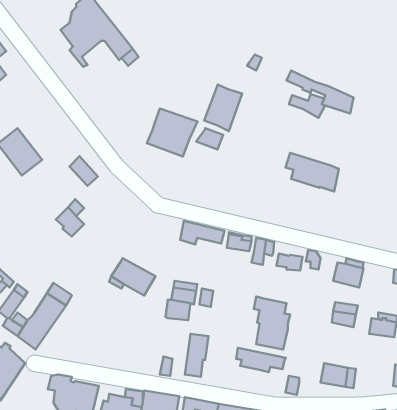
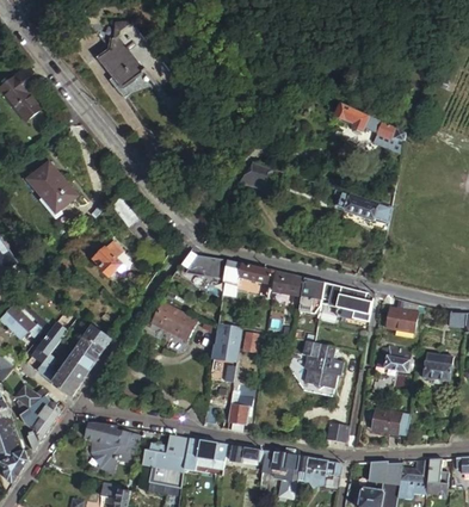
building: [204,84,242,131] -> none
building: [147,109,198,157] -> none
building: none -> [181,248,228,284]
building: [236,348,286,372] -> none

